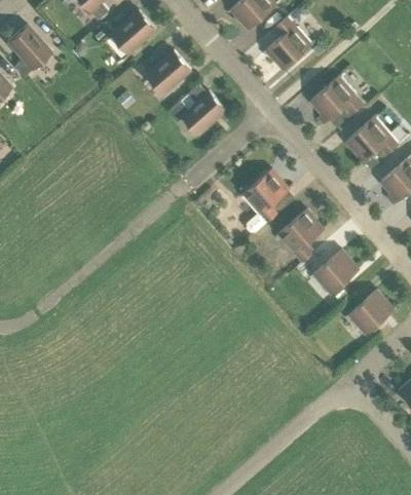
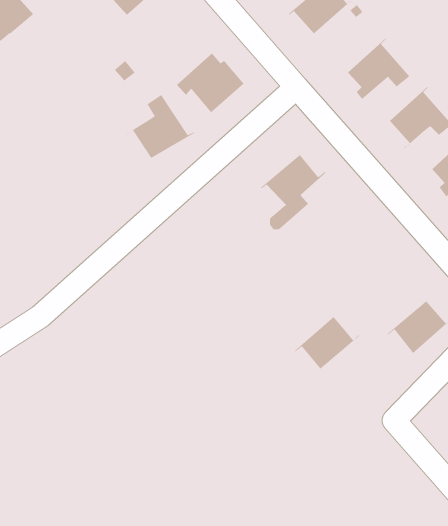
building: [146,50,191,94] -> none
building: none -> [125,94,195,159]
building: [274,210,329,262] -> none
building: [309,250,364,294] -> [294,316,360,369]

